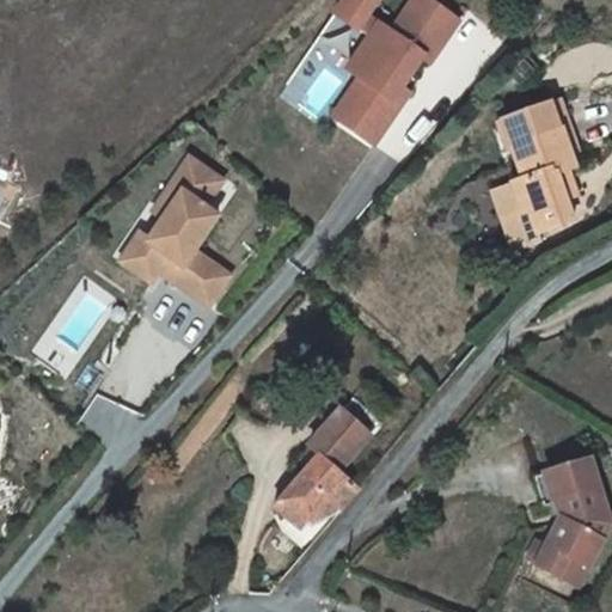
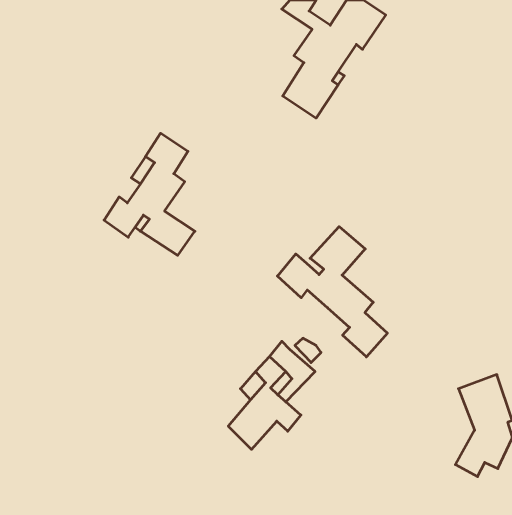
building: [495,103,580,252] -> none
building: none -> [277,227,387,357]

